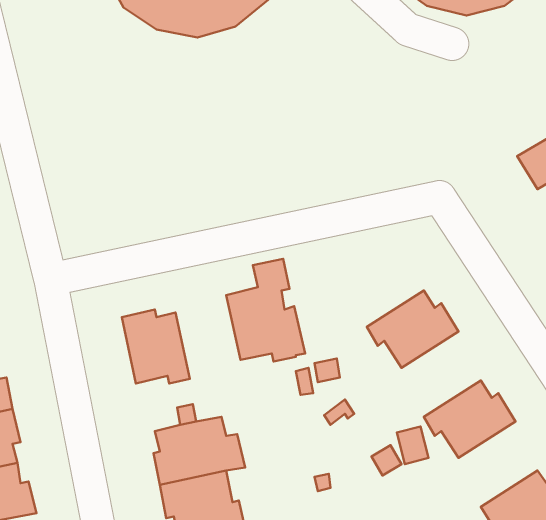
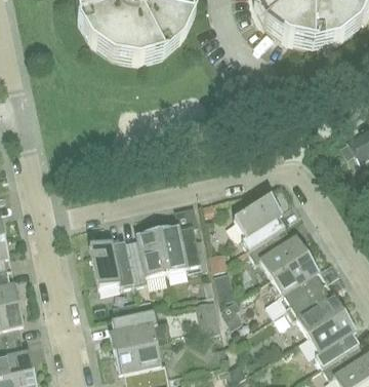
building: none -> [234,194,285,249]
building: none -> [124,229,166,283]
building: none -> [271,253,322,308]
building: none -> [308,311,359,366]

